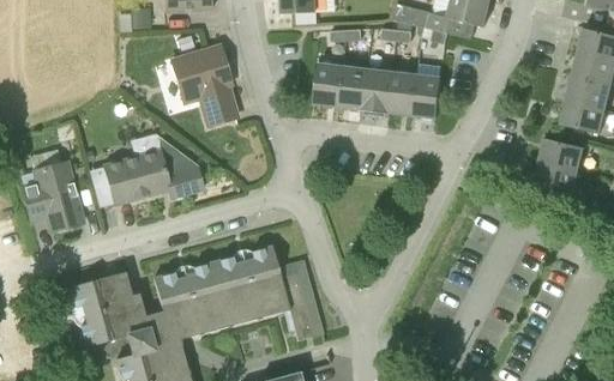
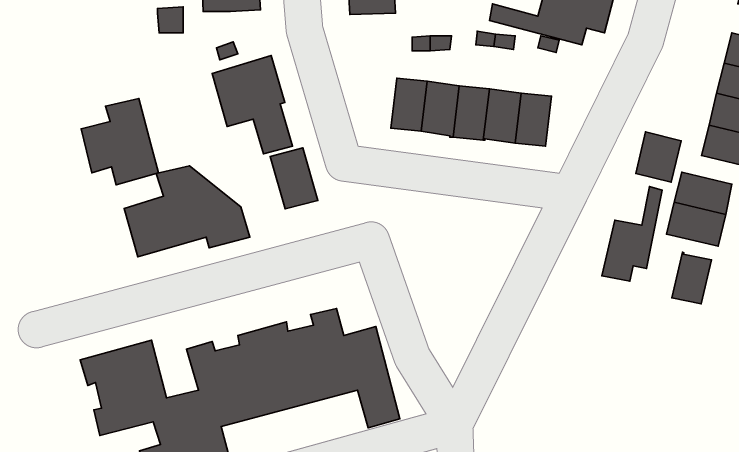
building: none -> [636,132,681,182]
building: none -> [270,148,318,209]
building: none -> [602,186,662,281]
building: [22,163,83,231] -> [81,99,159,185]
building: none -> [672,252,711,304]

